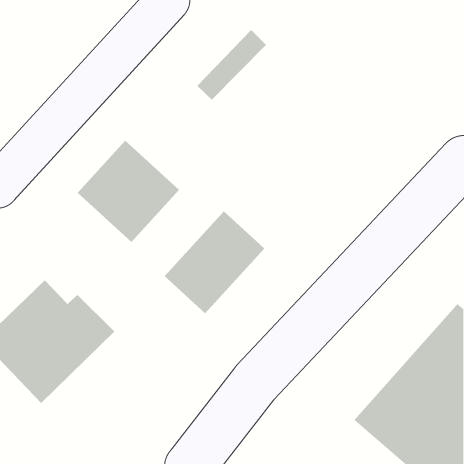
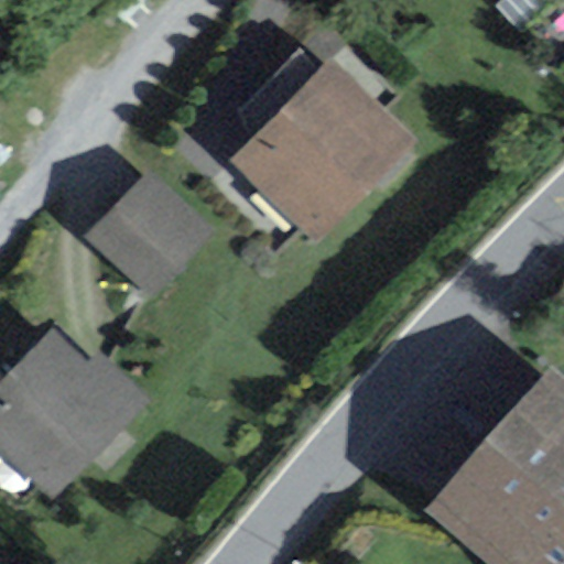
building: none -> [239,67,408,235]
building: [164,211,265,314] -> none

